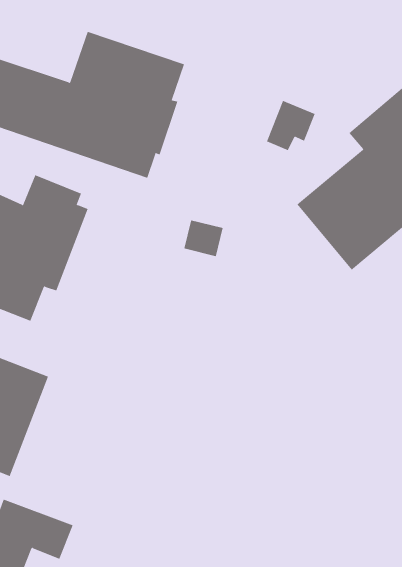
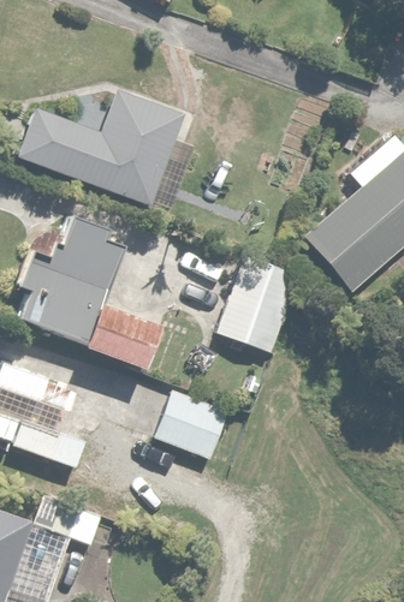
building: none -> [215,252,305,354]
building: none -> [78,304,165,375]
building: none -> [150,386,231,460]

